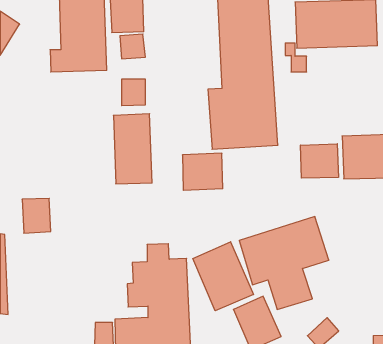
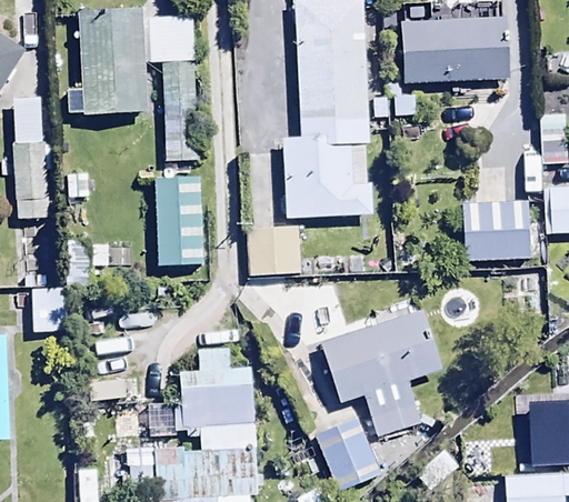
building: none -> [13,96,52,232]
building: [301,144,338,178] -> none
building: [193,242,253,311] -> none

